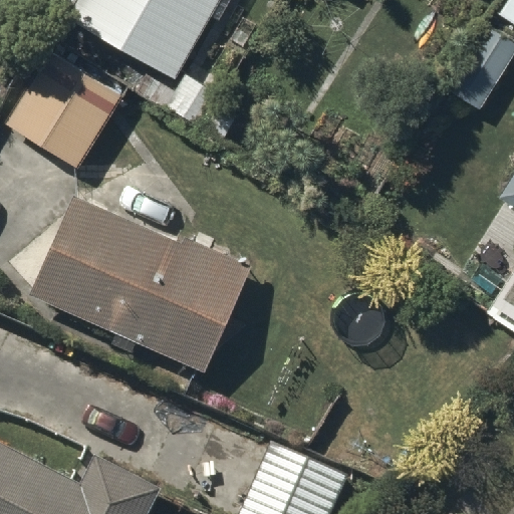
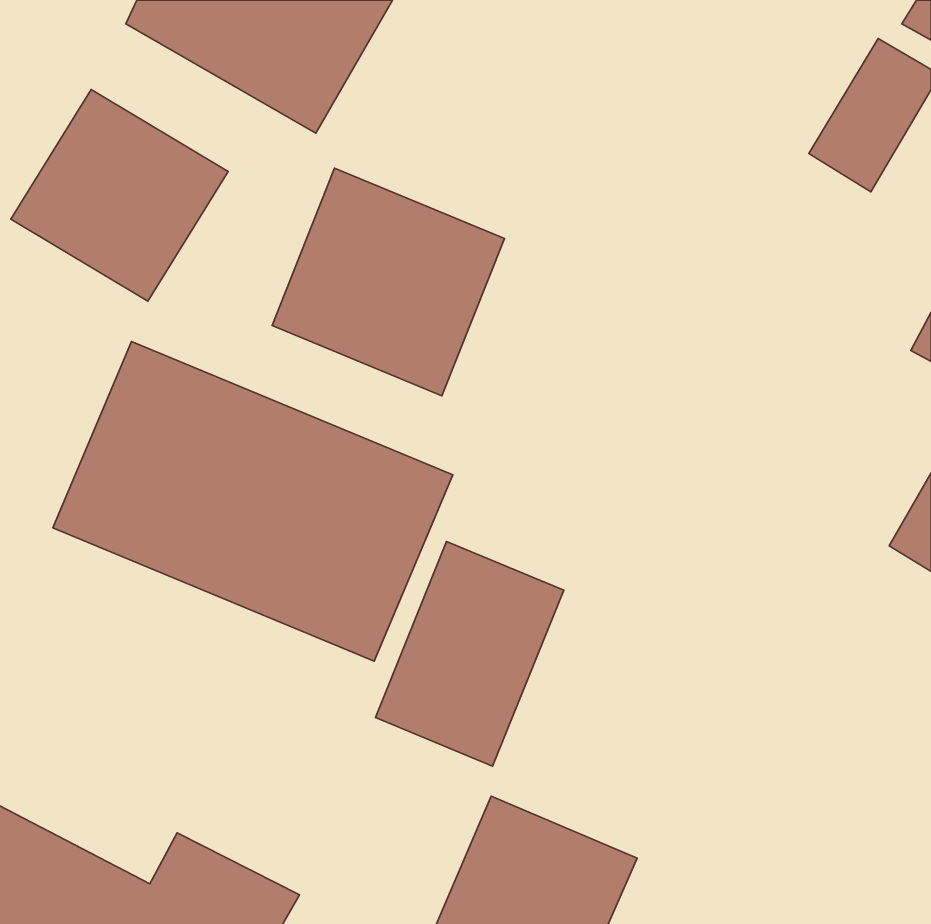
building: none -> [272,168,504,396]
building: none -> [376,542,564,766]

